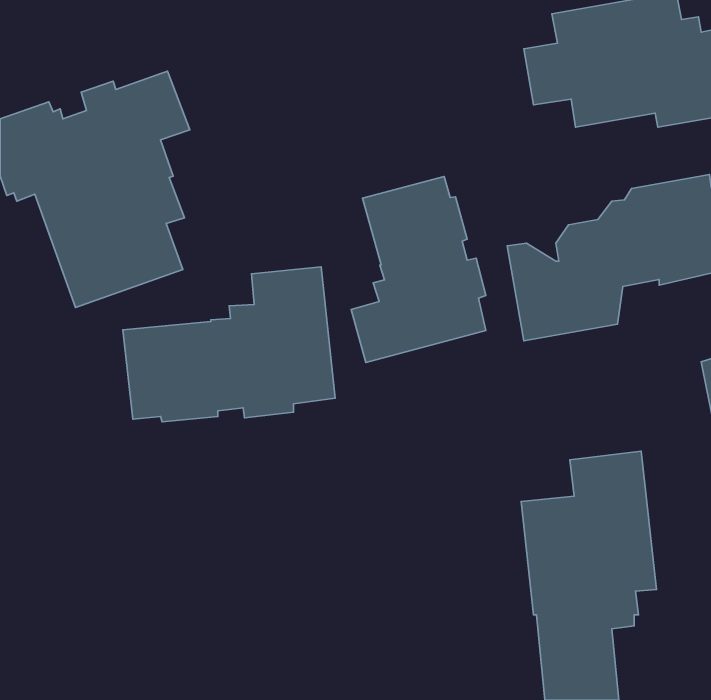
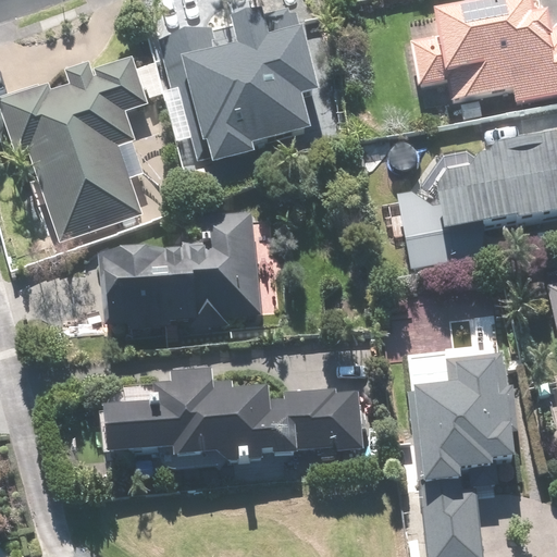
building: none -> [159,4,319,165]
building: [351,176,486,362] -> none
building: none -> [102,369,364,463]

